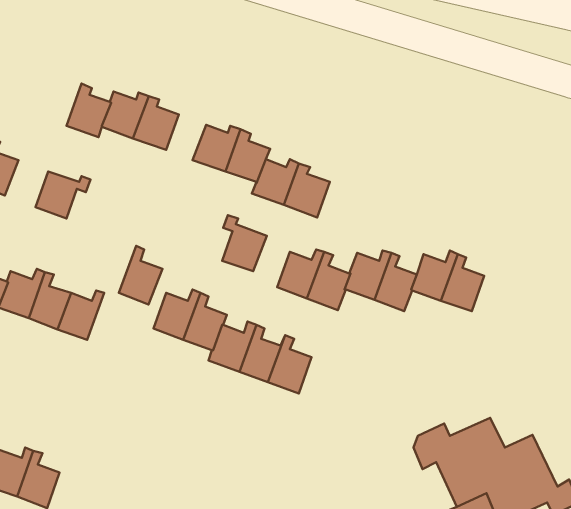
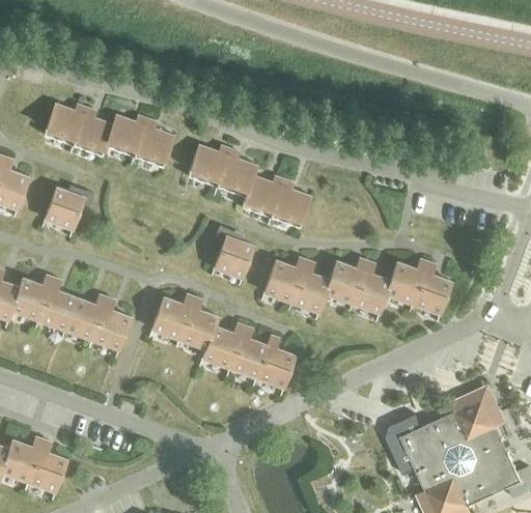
building: none -> [44,103,86,145]
building: [119,246,162,304] -> [91,296,131,349]
building: none -> [452,384,506,436]

